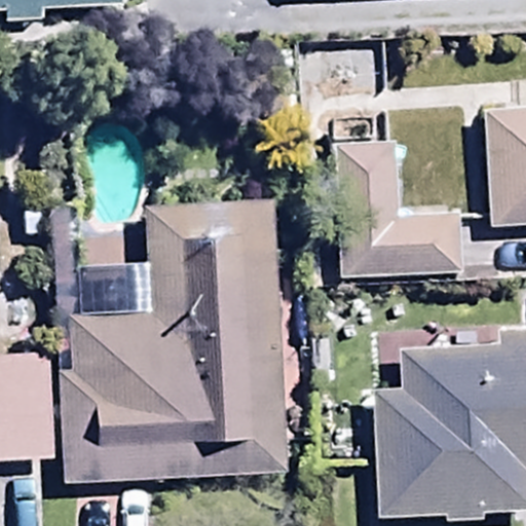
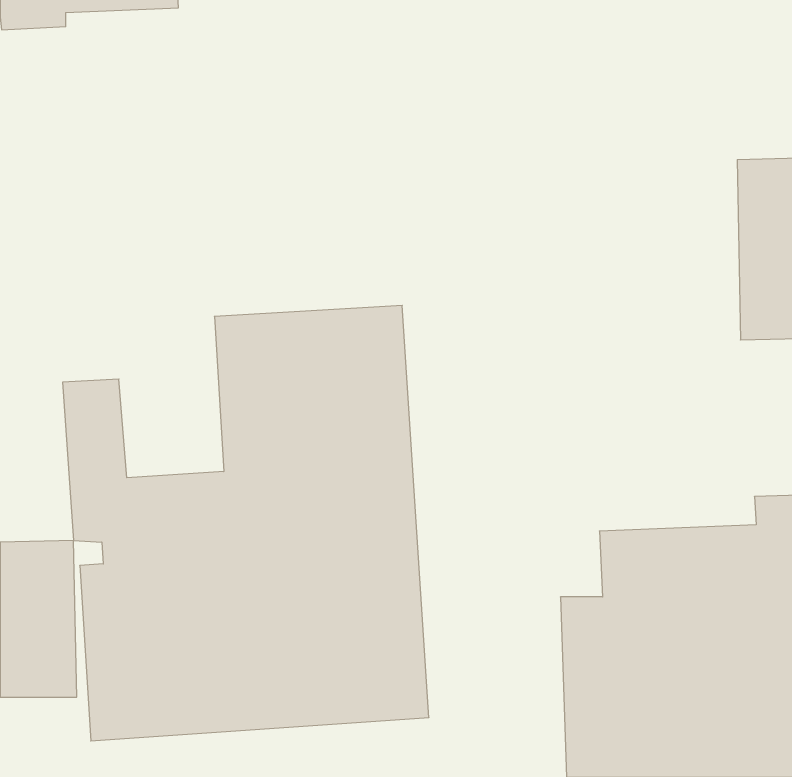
building: [336,138,460,274] -> none

